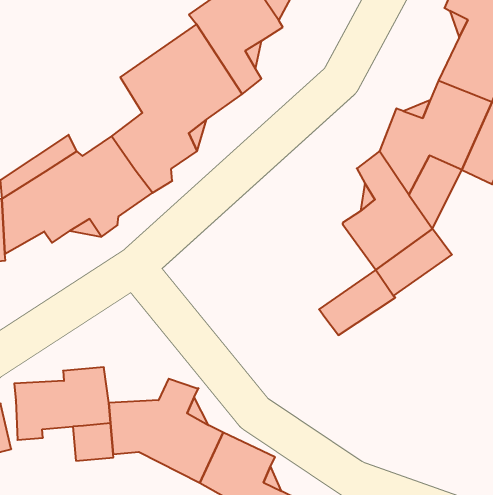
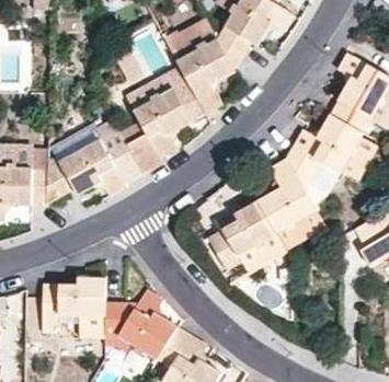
building: none -> [213,200,281,268]

